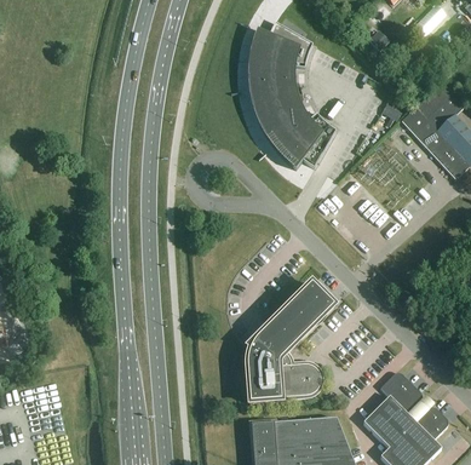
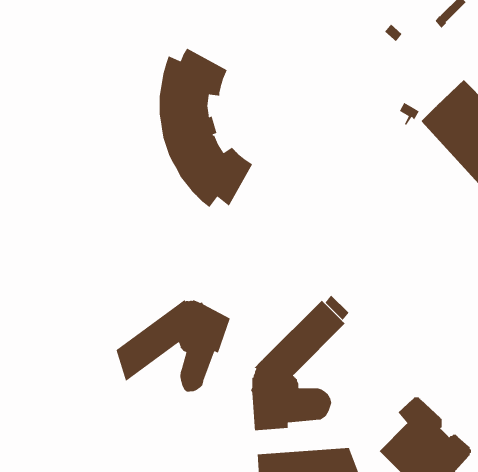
building: [248,22,334,168] -> [159,47,253,208]
building: none -> [115,298,231,393]

